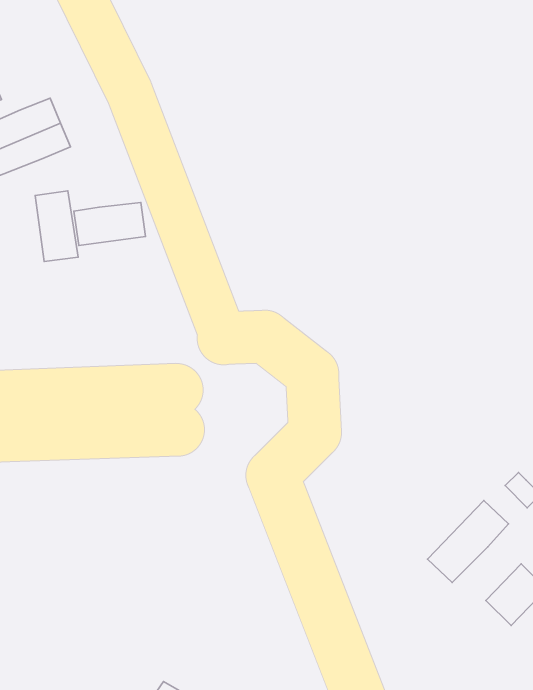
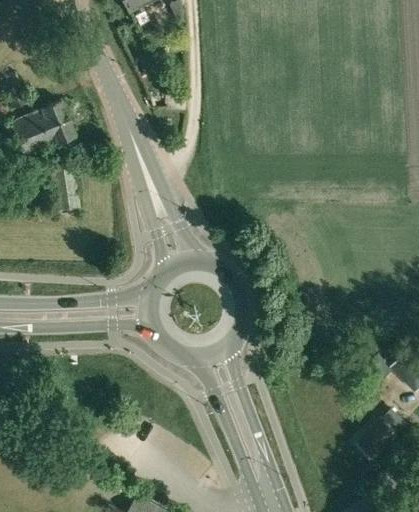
building: [74,202,145,245] -> none
building: [428,501,509,583] -> none

